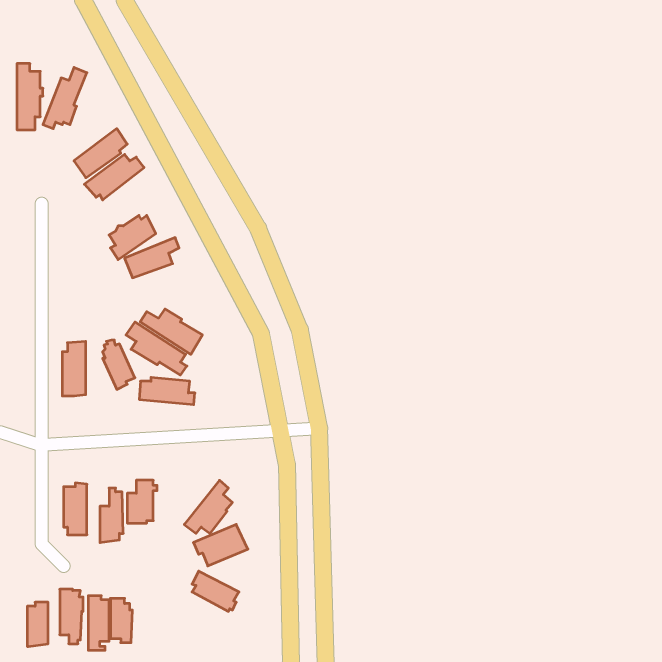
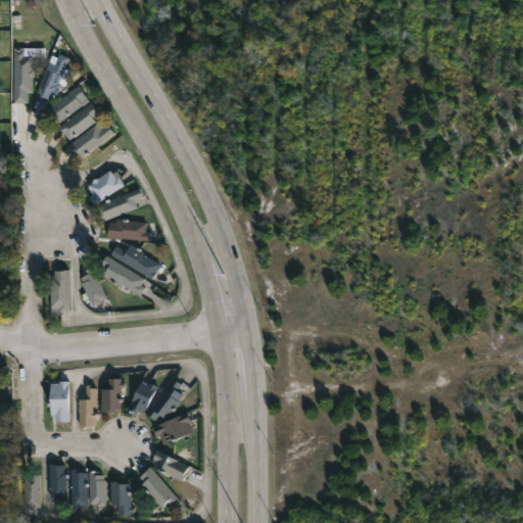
building: none -> [47,85,92,123]
building: [139,377,195,405] -> [107,220,151,241]
building: none -> [127,381,157,414]
building: none -> [139,468,177,509]
building: none -> [111,482,134,517]

